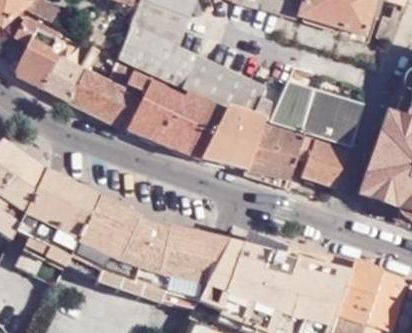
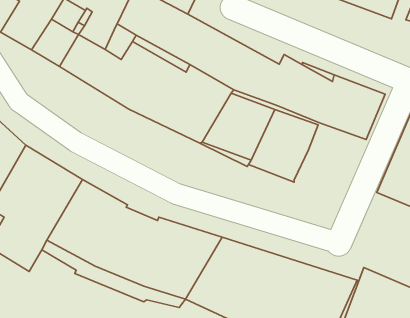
building: [296,133,346,184] -> none

